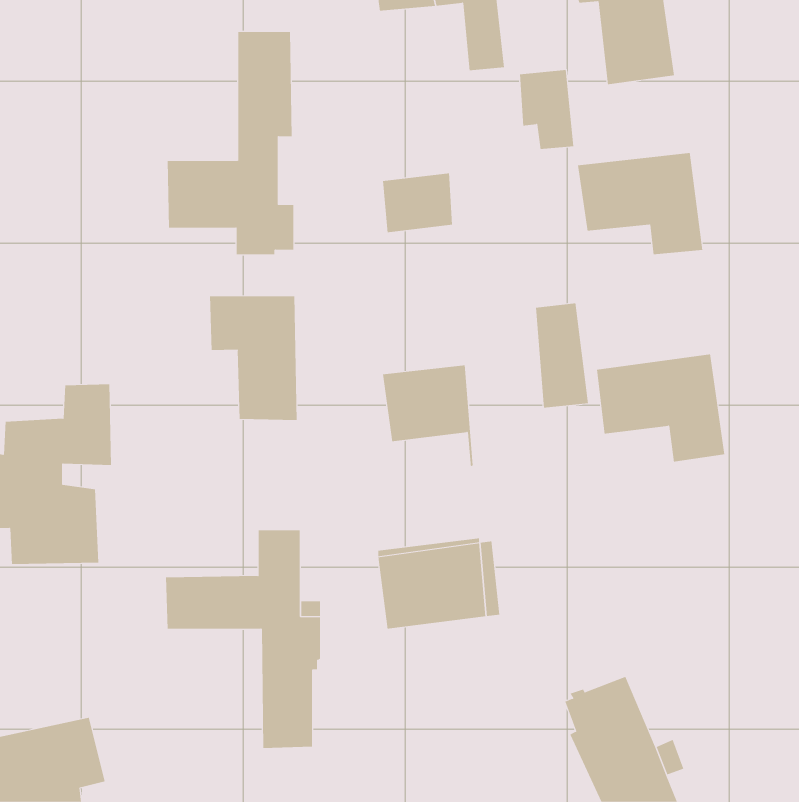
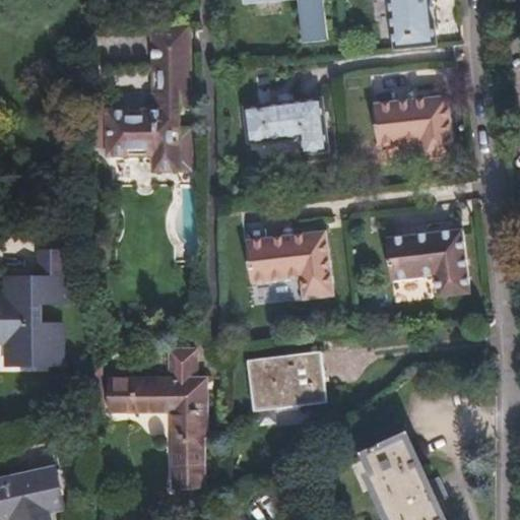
building: [519,69,574,150] -> [290,109,326,160]
building: [209,296,297,421] -> none
building: [535,303,589,408] -> [301,233,335,301]

